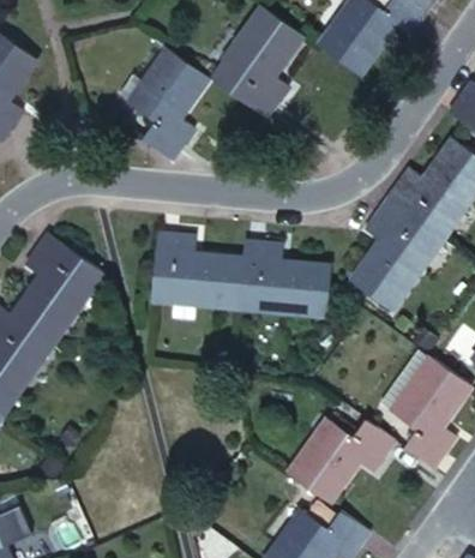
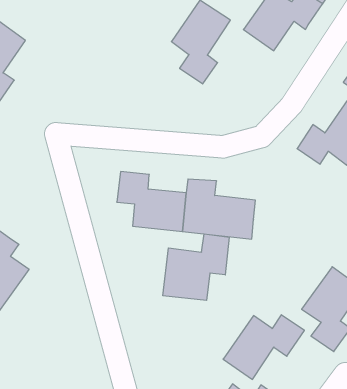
building: [131,49,208,161] -> none
building: [350,202,441,312] -> none
building: [14,233,89,343] -> none
building: none -> [163,234,229,300]

